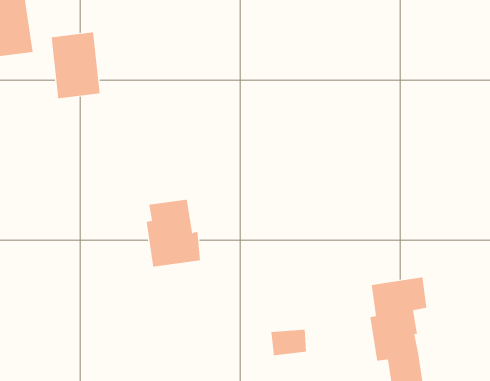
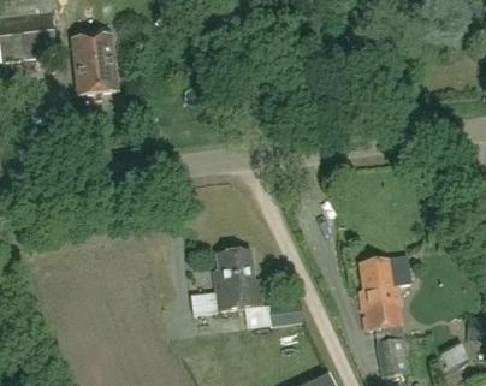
building: [146,199,201,267] -> [213,249,262,310]

